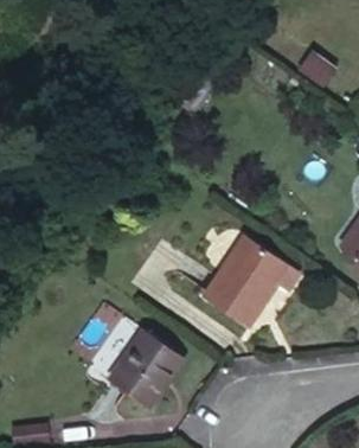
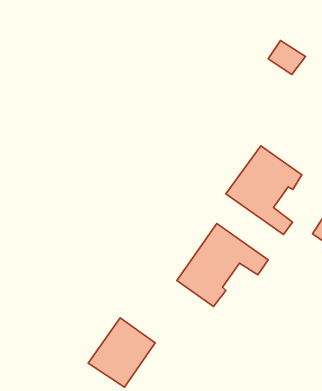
building: none -> [226,146,302,235]

